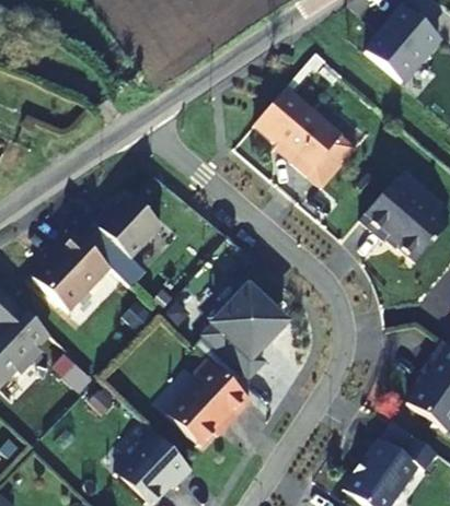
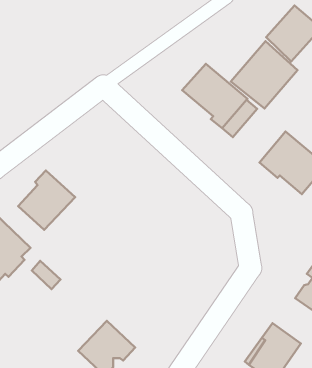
building: none -> [231,41,297,109]
building: [83,193,163,285] -> none
building: [204,287,284,376] -> none
building: [168,358,251,445] -> none

